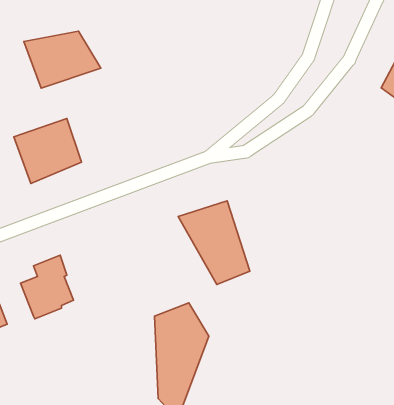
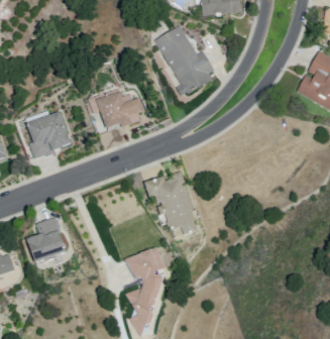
building: none -> [154,24,220,102]
building: [24,31,101,88] -> [89,91,147,134]

